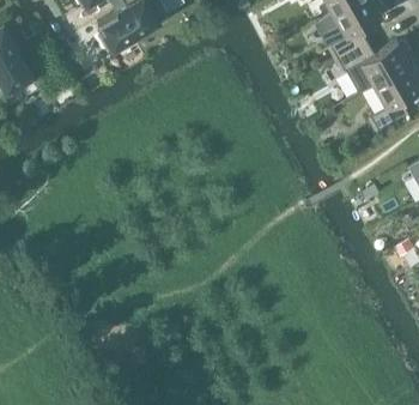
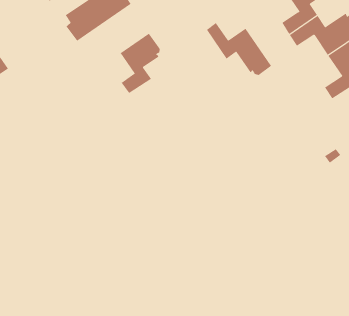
building: none -> [206,22,272,76]
building: none -> [120,33,160,94]

